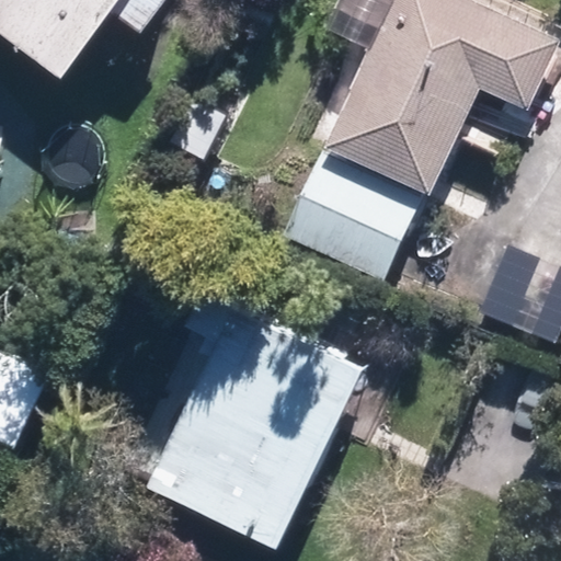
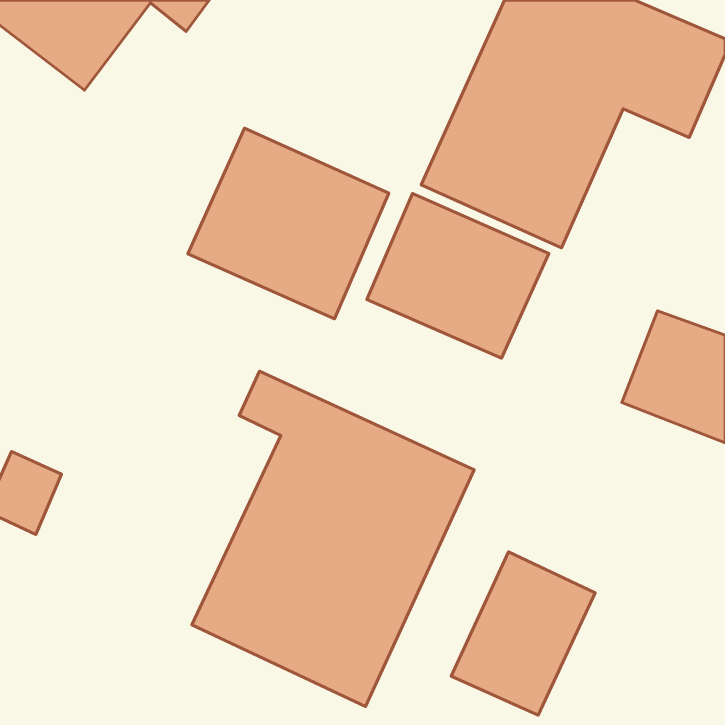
building: none -> [188,128,389,319]
building: none -> [451,552,595,715]

